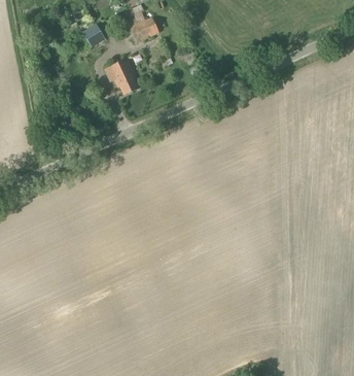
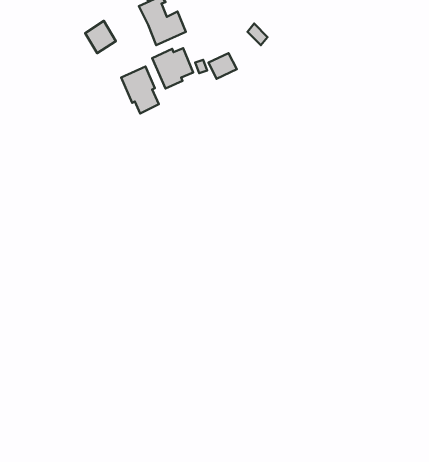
building: none -> [152,48,193,89]

